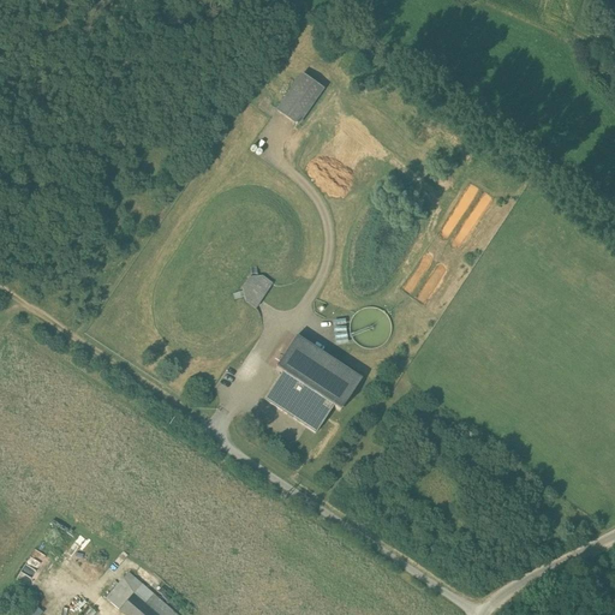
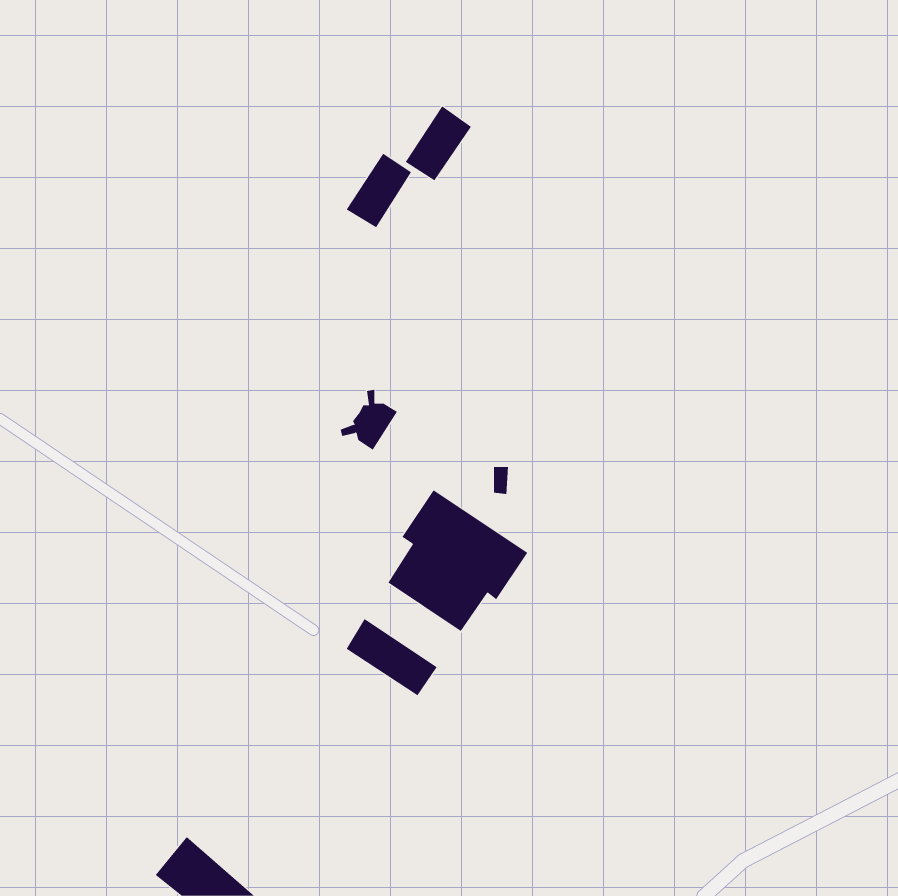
building: none -> [346,153,412,228]
building: none -> [346,618,437,696]

